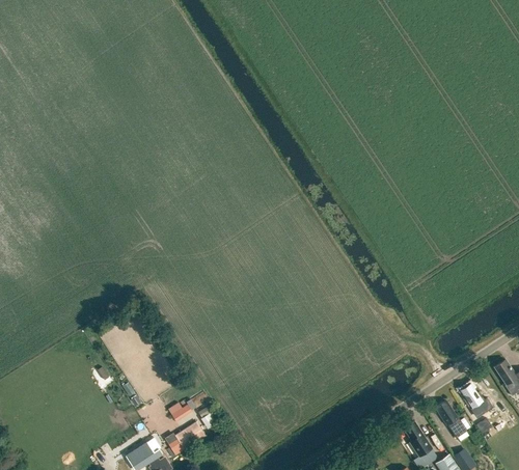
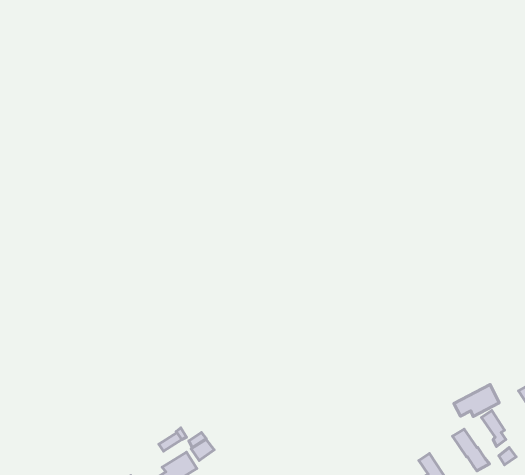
building: none -> [454,385,499,416]

